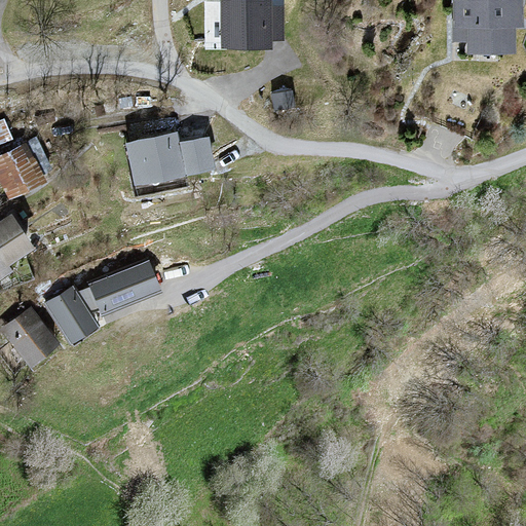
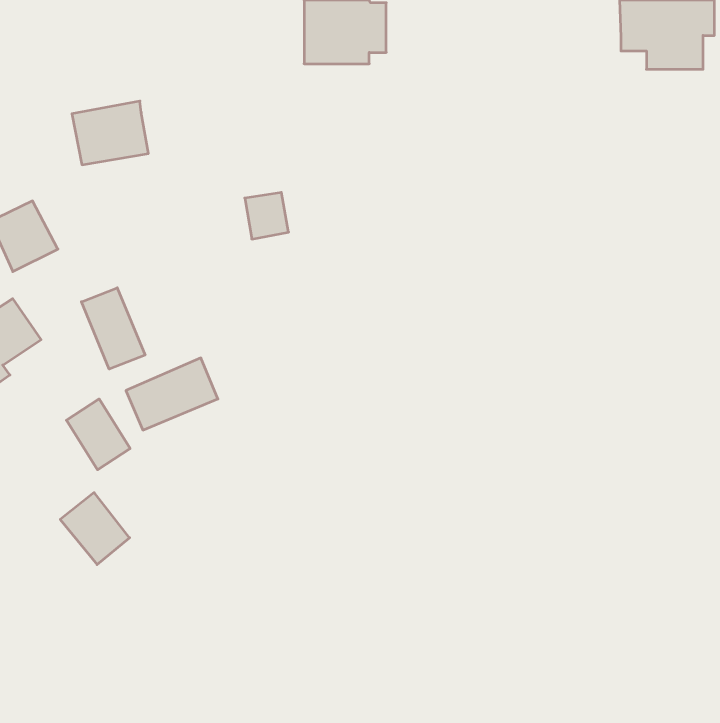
building: [127,136,183,182] -> [72,101,148,165]
building: none -> [81,288,145,369]
building: [4,310,54,363] -> [60,493,130,565]

